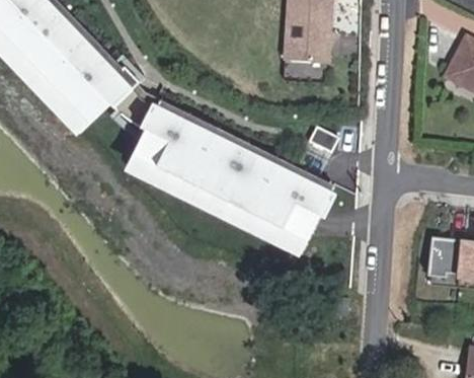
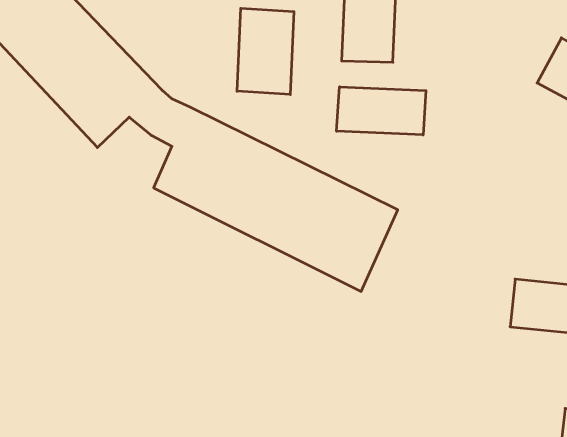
building: none -> [237,8,294,95]
building: none -> [337,87,426,135]

